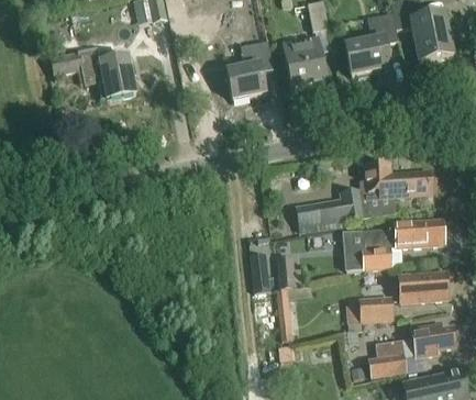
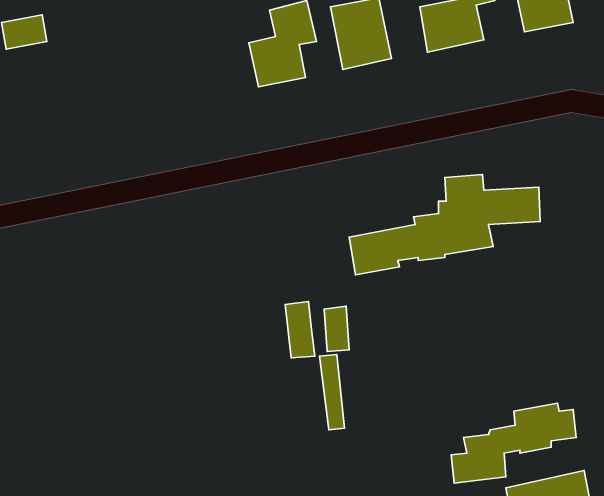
building: [99,55,136,99] -> none
building: [343,219,444,269] -> none
building: [399,271,449,302] -> none
building: [347,296,394,326] -> none

